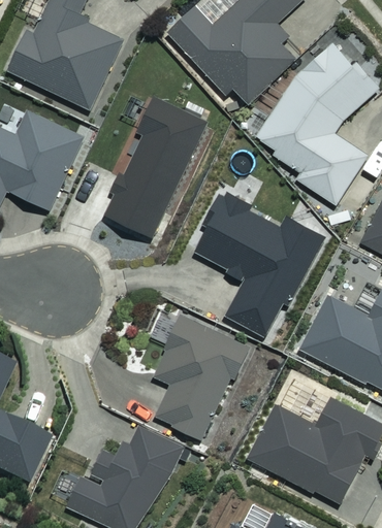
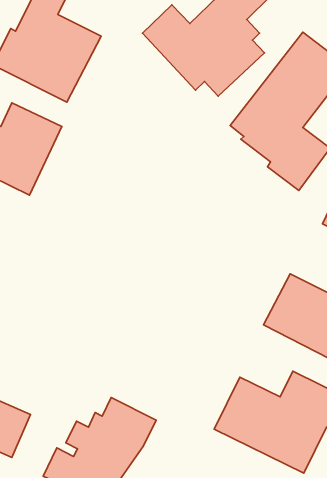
building: [104,99,208,238] -> none
building: [197,197,326,340] -> none
building: [154,308,251,440] -> none

